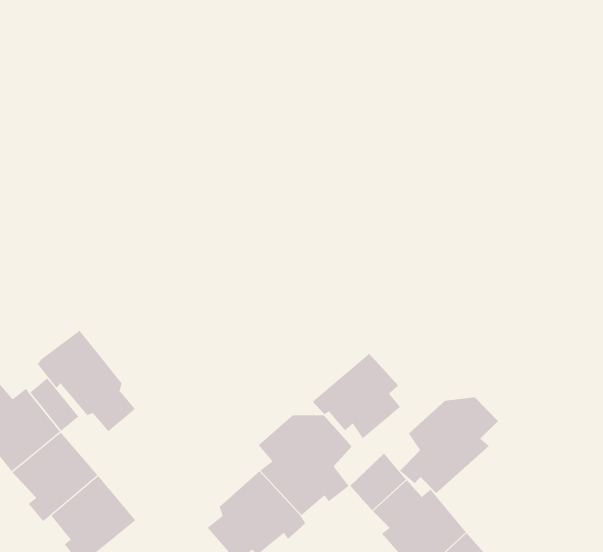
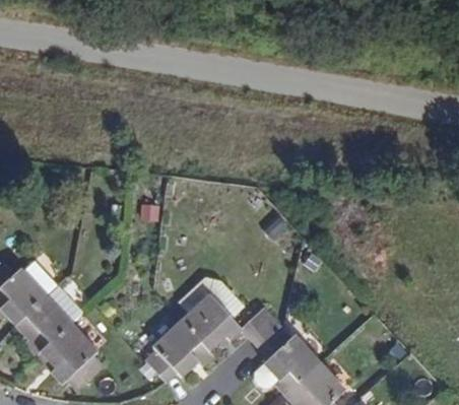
building: [37,330,136,432] -> none
building: [312,353,401,439] -> none
building: [399,396,499,494] -> none

